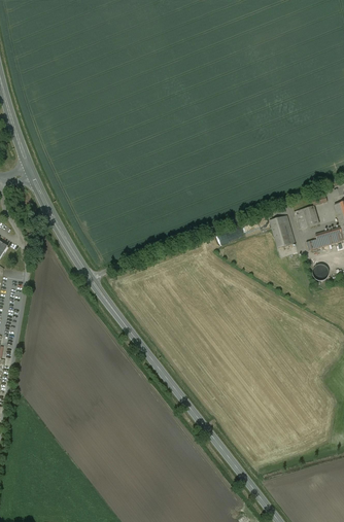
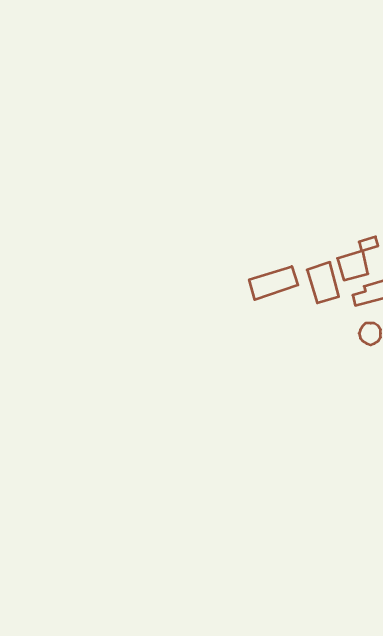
building: none -> [249,266,298,300]

